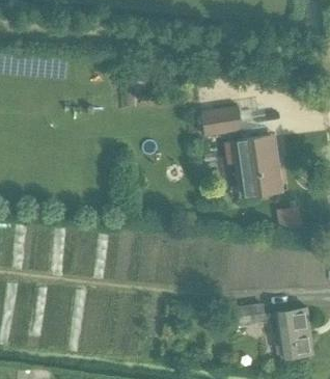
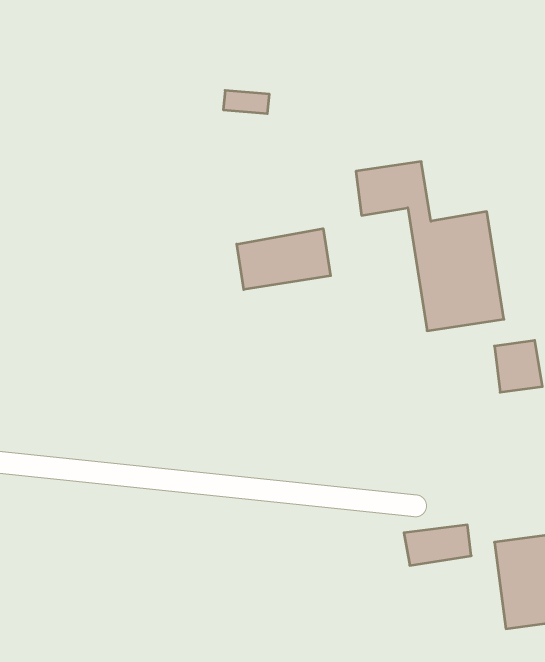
building: none -> [237,229,331,290]

